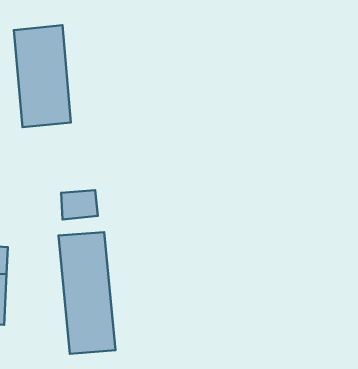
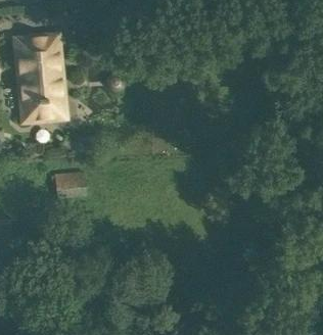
building: [58,232,115,354] -> none

